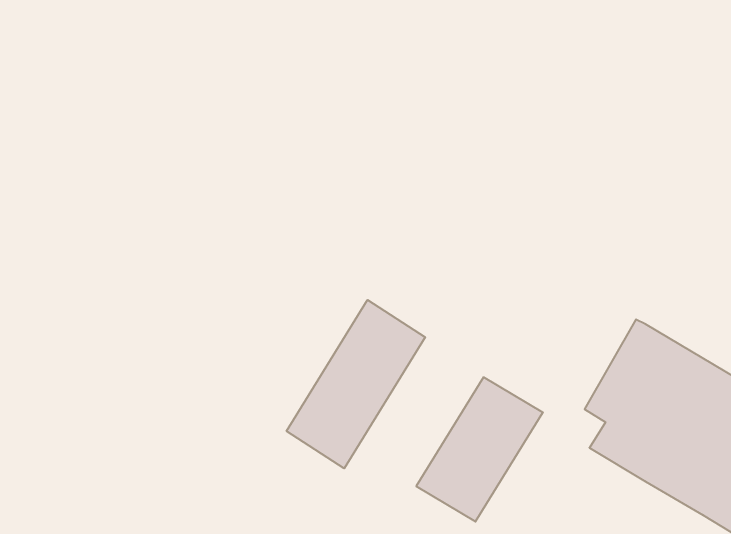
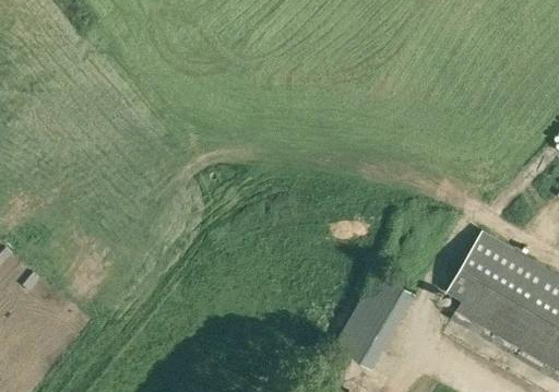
building: [287,300,425,468] -> none

